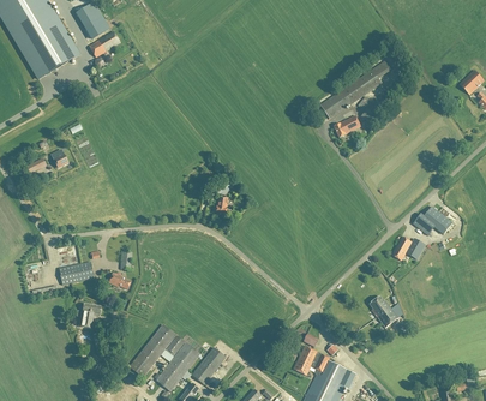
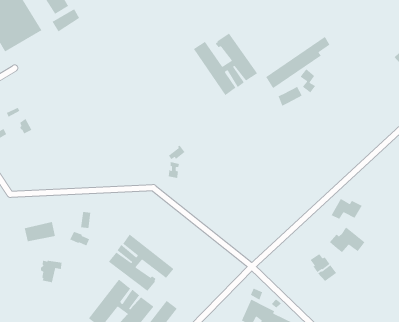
building: none -> [193,33,258,96]
building: [413,205,452,234] -> [329,227,365,253]
building: none -> [108,234,175,292]

